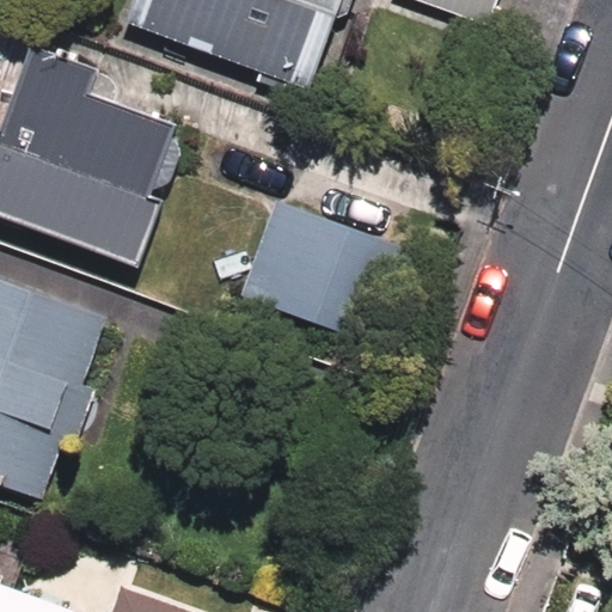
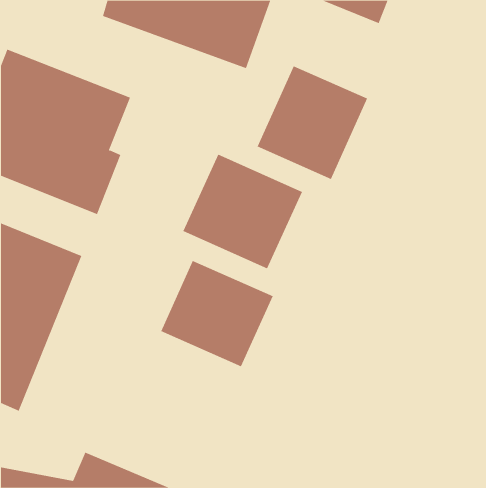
building: none -> [257,65,368,180]
building: none -> [161,260,273,367]

